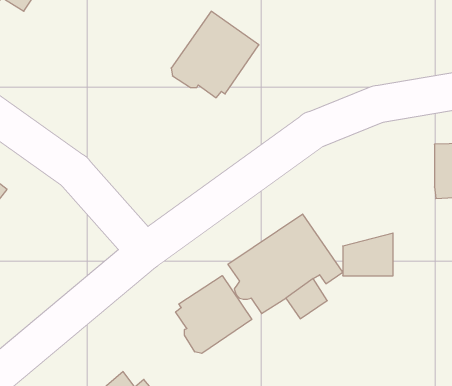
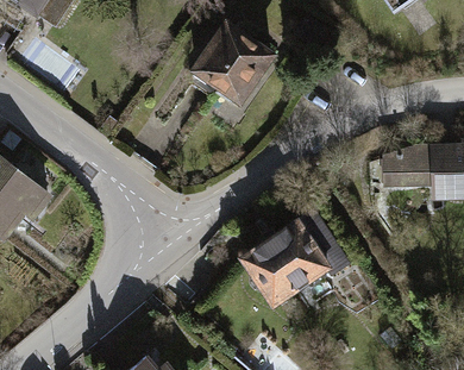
building: [343,233,393,276] -> [387,145,433,184]
building: [176,276,252,353] -> none

